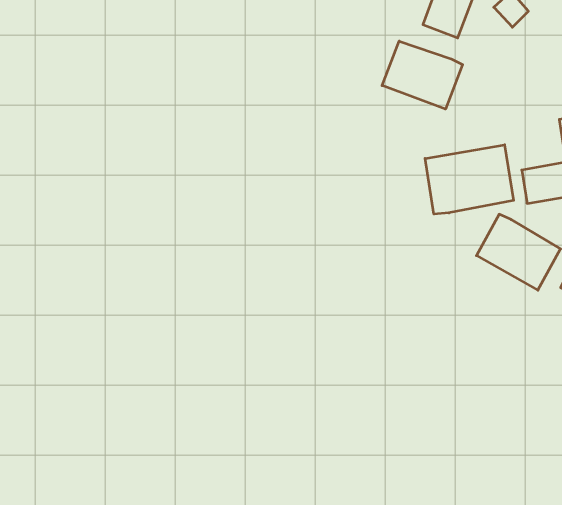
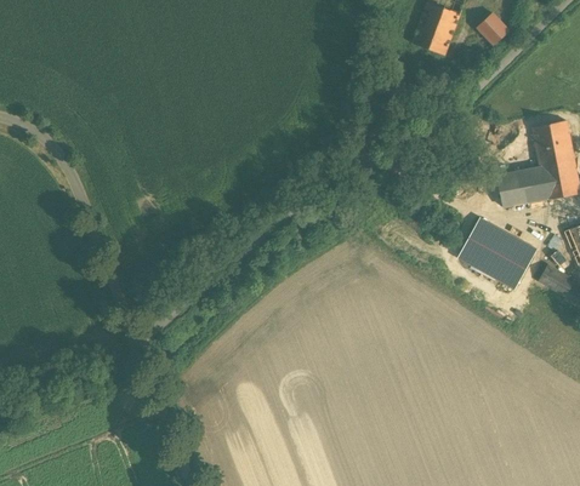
building: [382,41,463,109] -> none
building: [425,145,514,214] -> none

